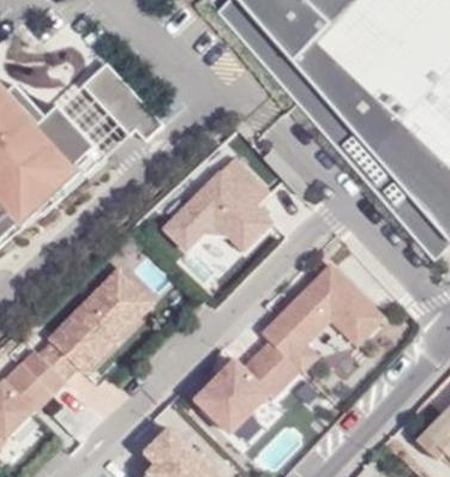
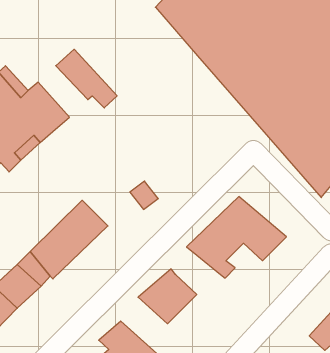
building: [161,157,276,250] -> none
building: [244,338,302,390] -> none

